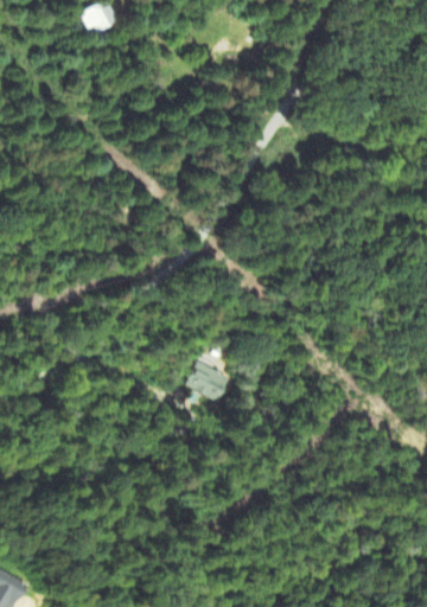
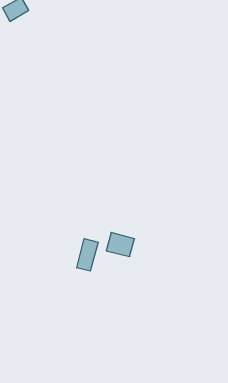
building: none -> [77,239,98,271]

